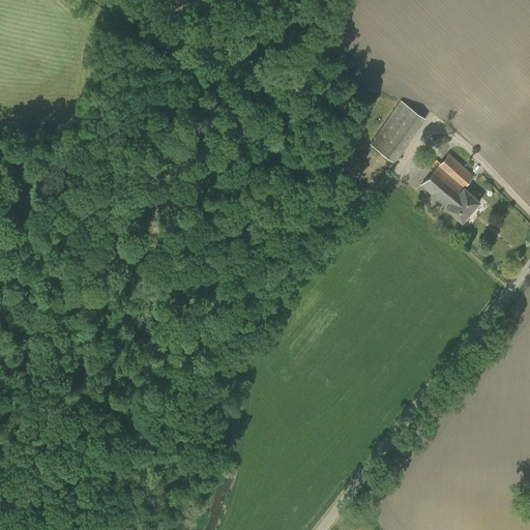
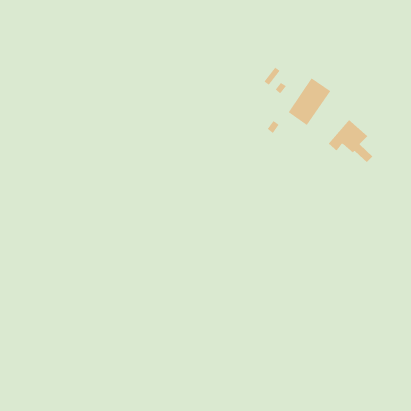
building: [434,186,472,222] -> none

